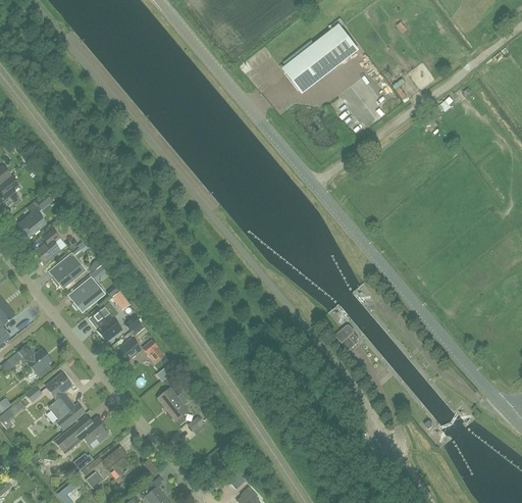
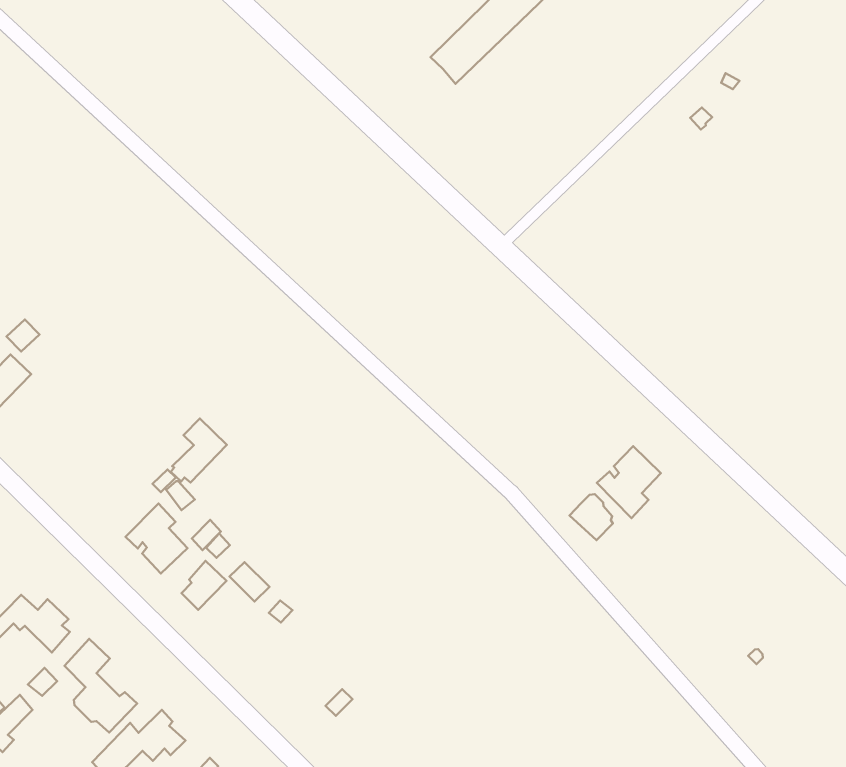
building: [34,228,60,263] -> none
building: [53,253,86,288] -> none
building: [72,276,105,311] -> [171,419,227,482]
building: none -> [597,446,661,518]
building: [157,388,188,420] -> none

